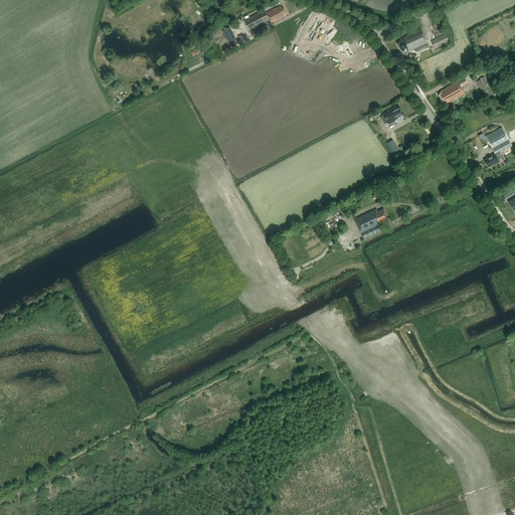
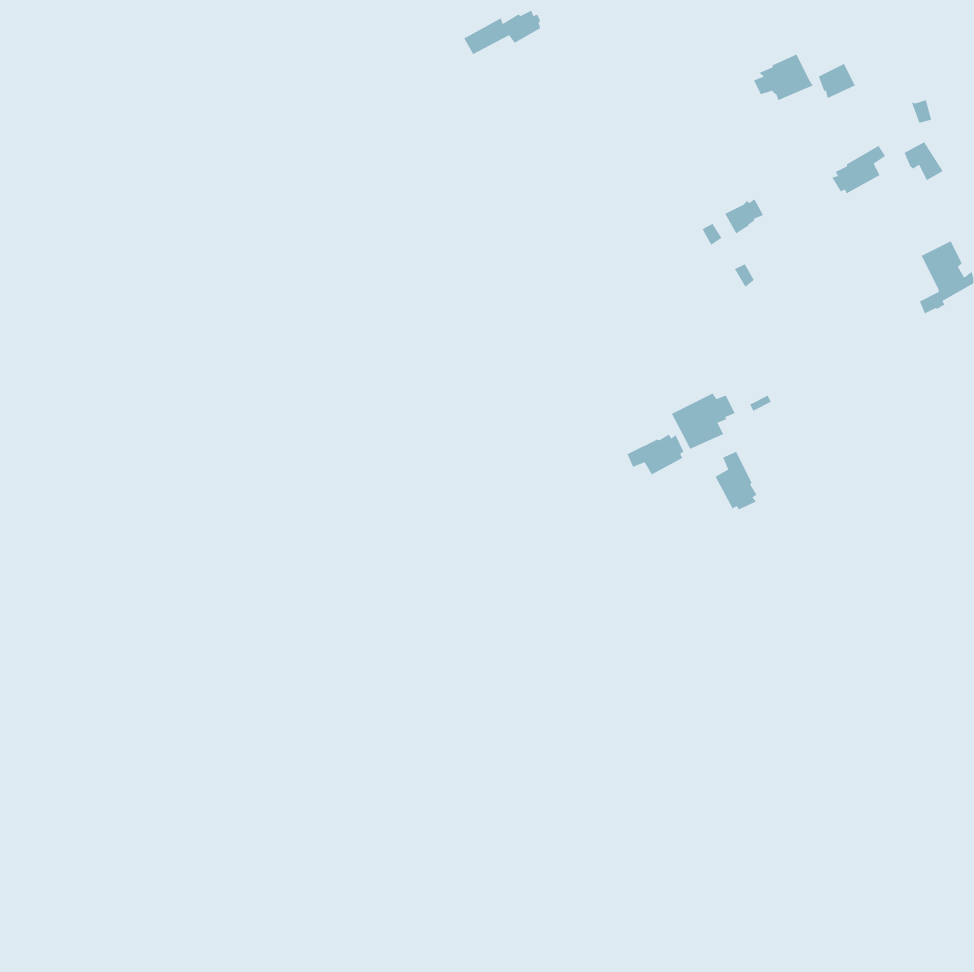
building: none -> [626,433,684,475]
building: none -> [715,451,758,510]

